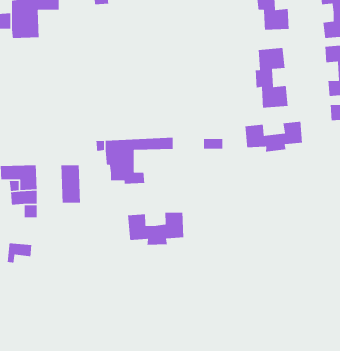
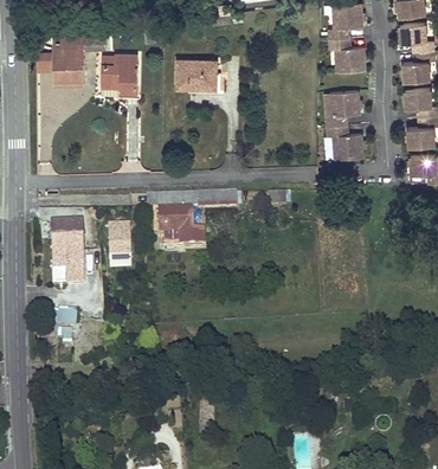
building: none -> [101,54,137,94]
building: none -> [176,60,217,86]
building: [245,121,303,152] -> none
building: [127,212,184,246] -> none

